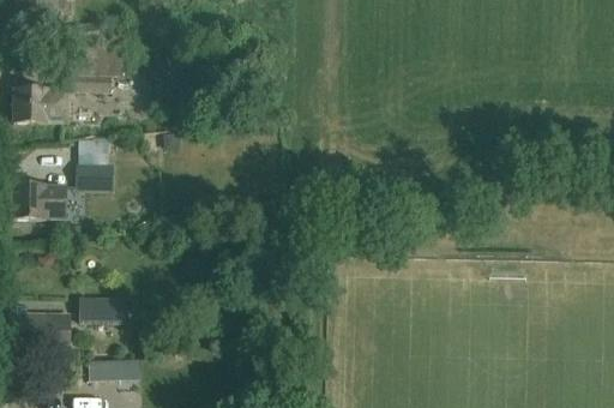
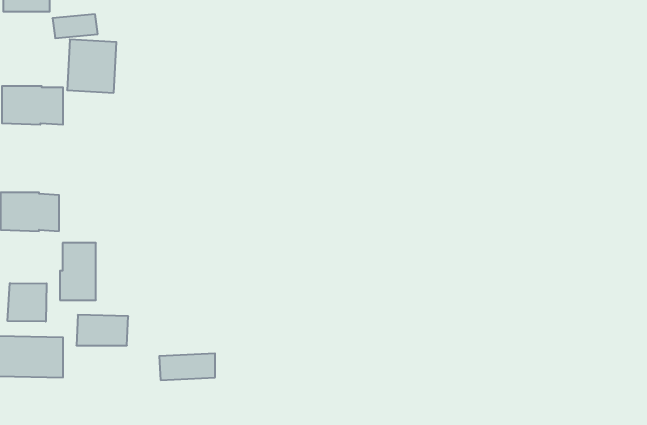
building: [76,138,108,190] -> [60,243,96,300]
building: none -> [8,283,47,322]
building: [91,356,142,380] -> [159,353,215,380]

